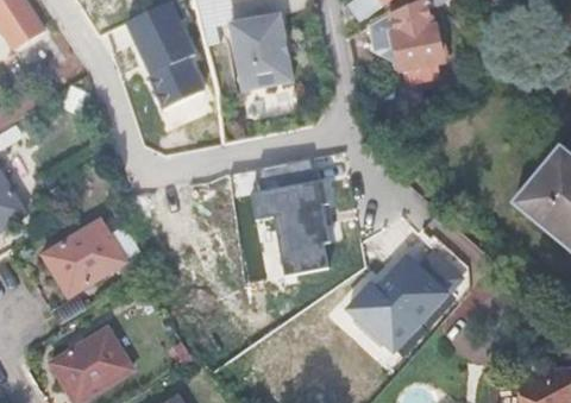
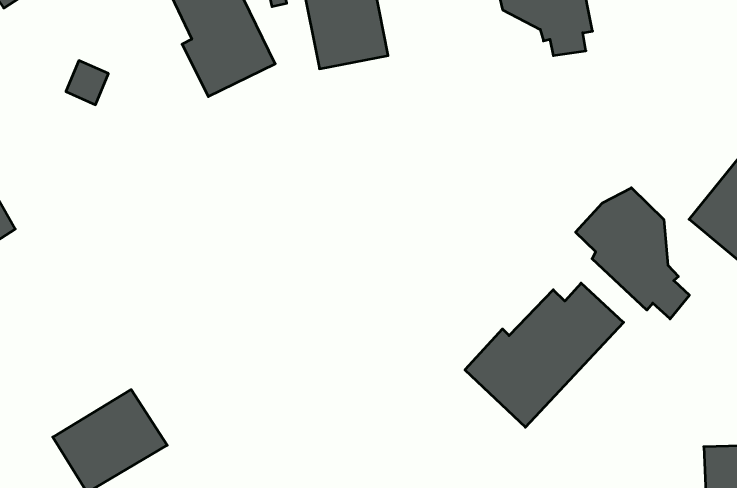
building: [247,166,339,277] -> none
building: none -> [576,188,689,319]
building: [43,219,126,296] -> none

